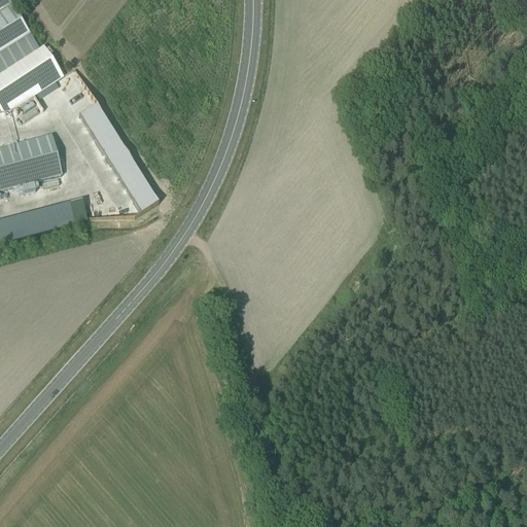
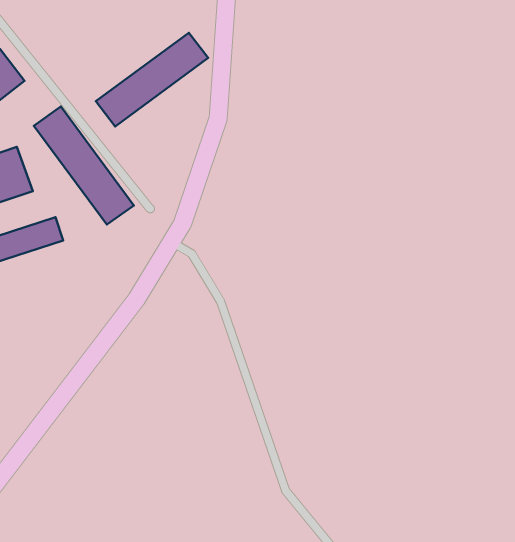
building: none -> [96,33,208,126]

